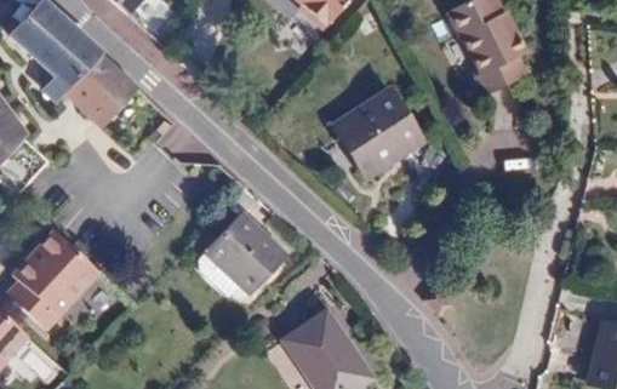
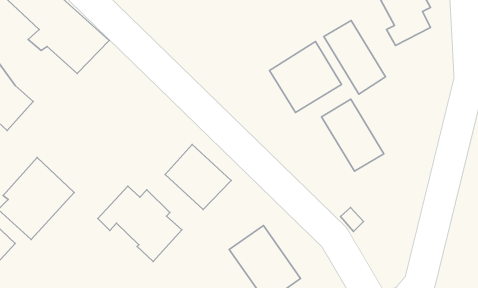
building: none -> [324,20,385,94]
building: none -> [321,99,384,171]
building: none -> [98,186,182,261]

